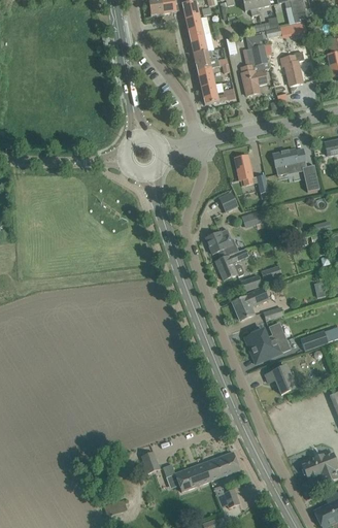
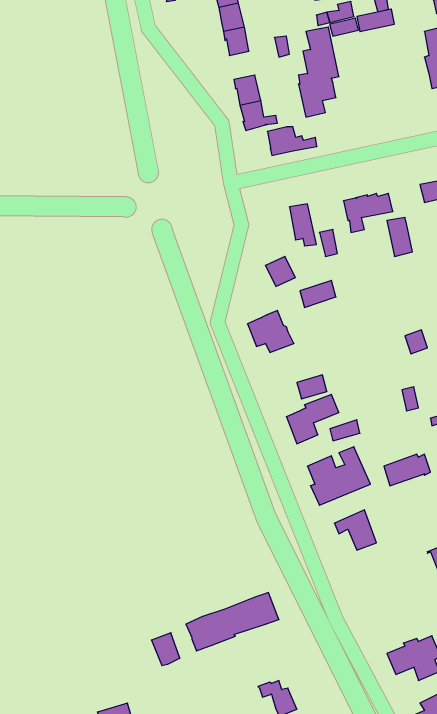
building: [194,51,228,70] -> [267,127,317,155]
building: [280,52,304,86] -> none
building: [215,249,249,280] -> none
building: [176,452,240,492] -> [186,593,279,651]

